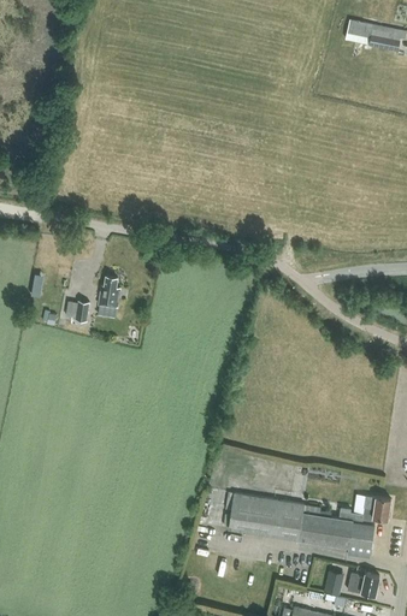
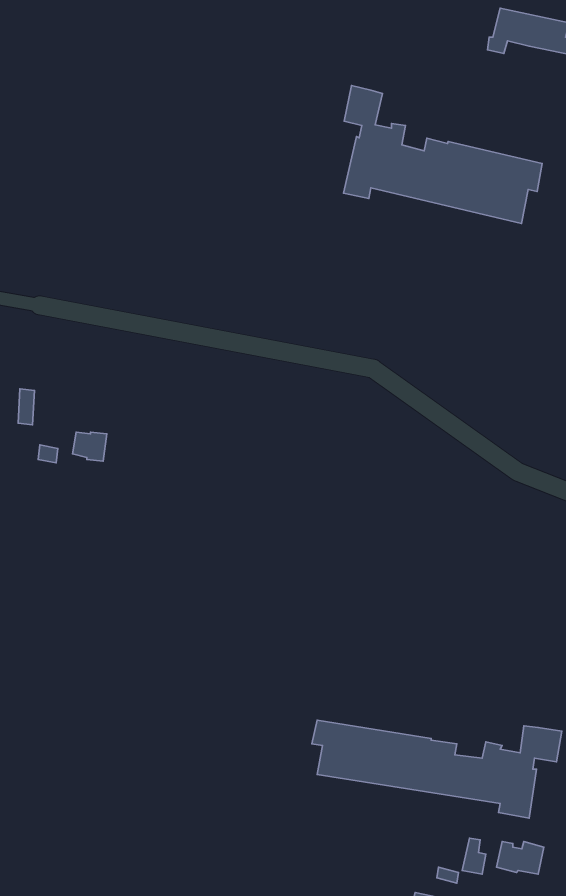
building: none -> [343,85,542,223]
building: [98,276,119,308] -> none

